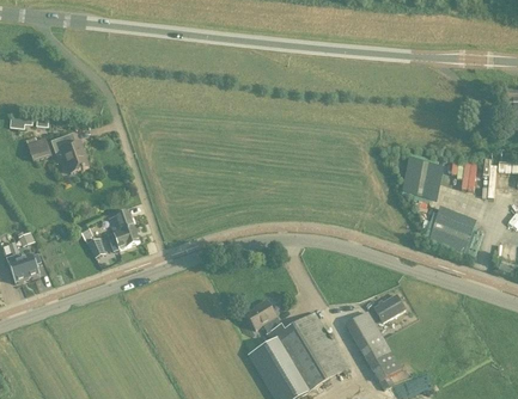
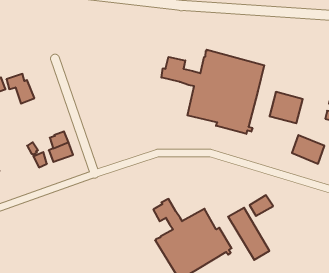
building: none -> [161,50,264,134]

